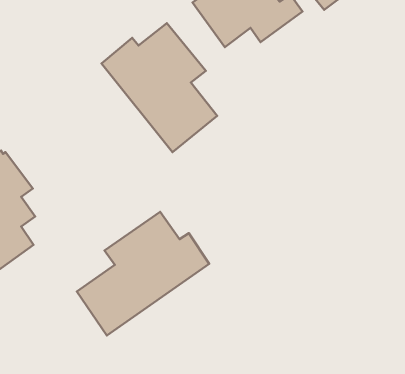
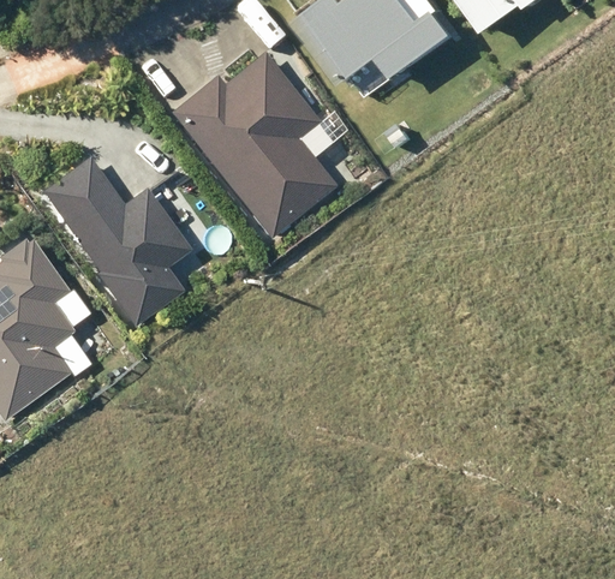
building: none -> [40,154,193,327]
building: [77,212,209,335] -> none

